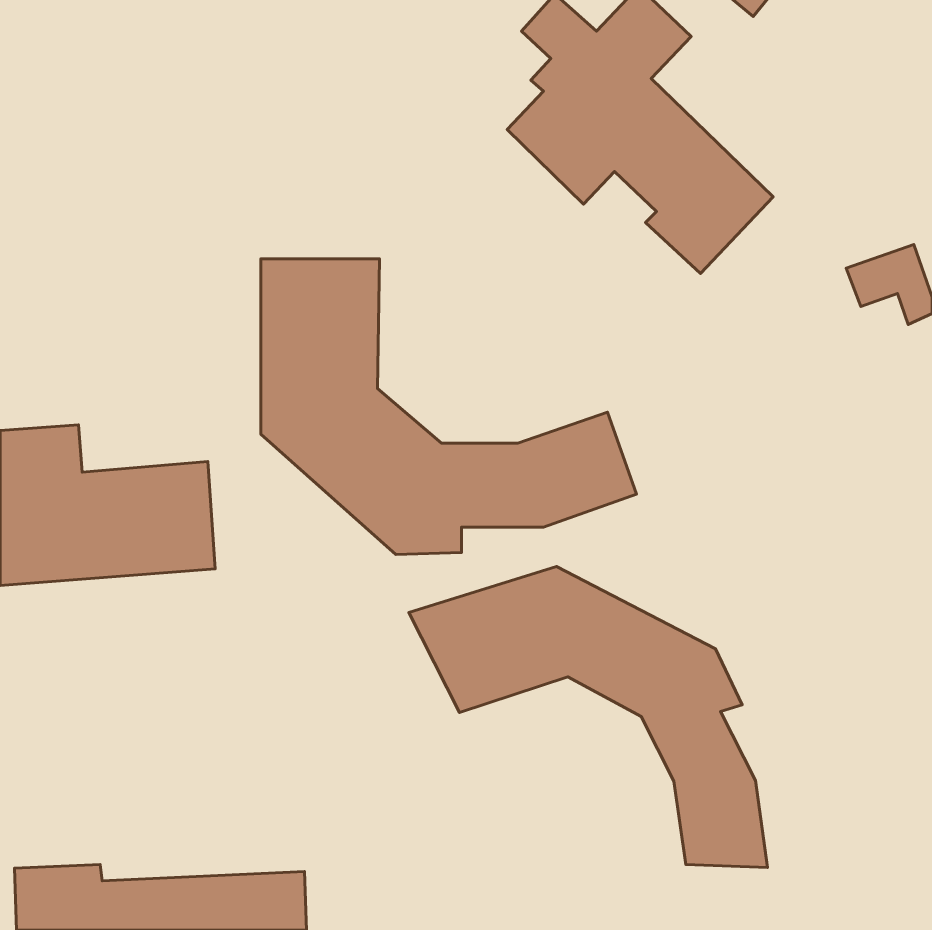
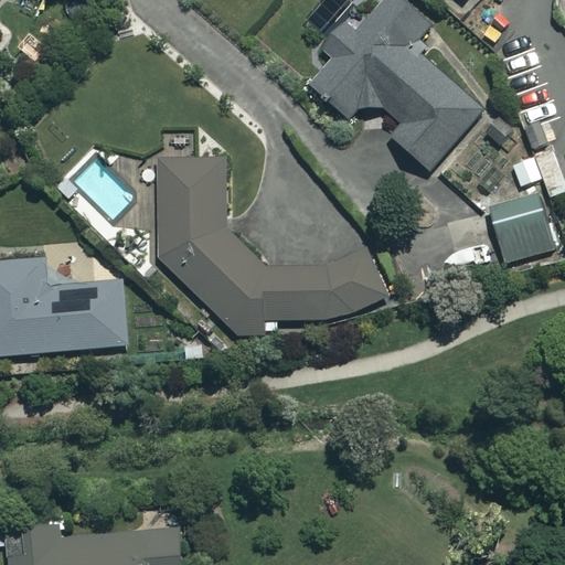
building: none -> [489,191,555,263]
building: [409,567,767,868] -> none

